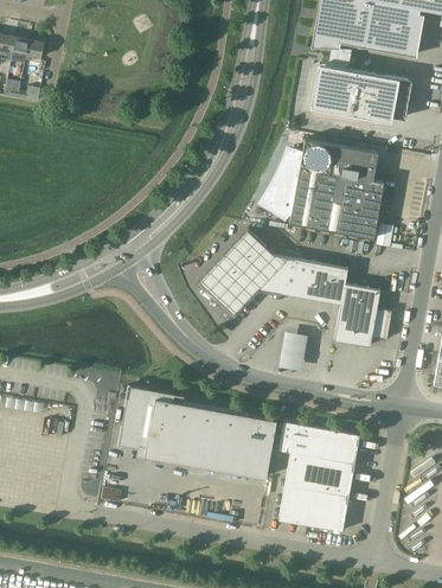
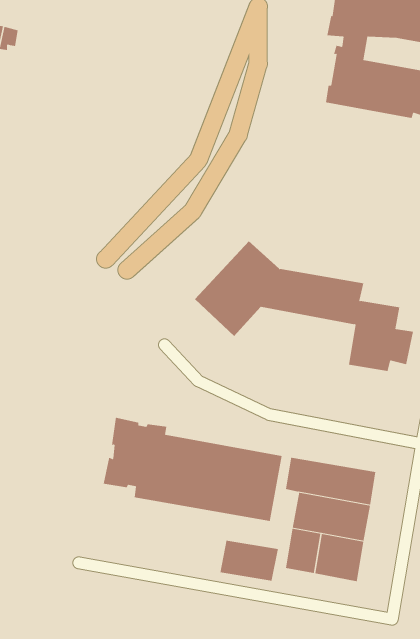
building: [262,140,384,239] -> none
building: [281,334,312,376] -> none
building: none -> [220,540,278,581]

